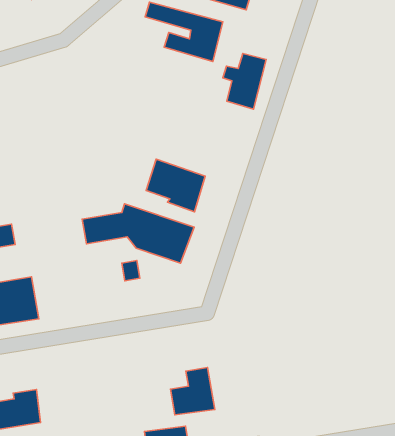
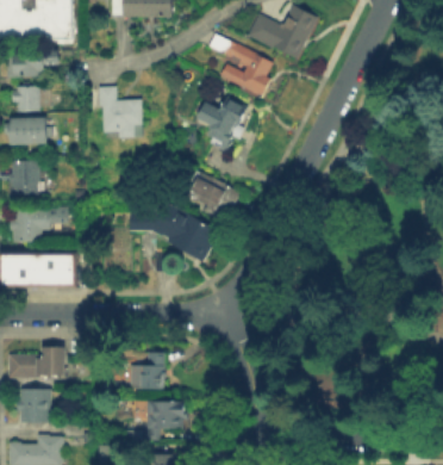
building: [223,54,266,109] -> [205,100,244,149]
building: none -> [102,86,141,136]
building: [171,367,215,415] -> [130,352,164,389]

